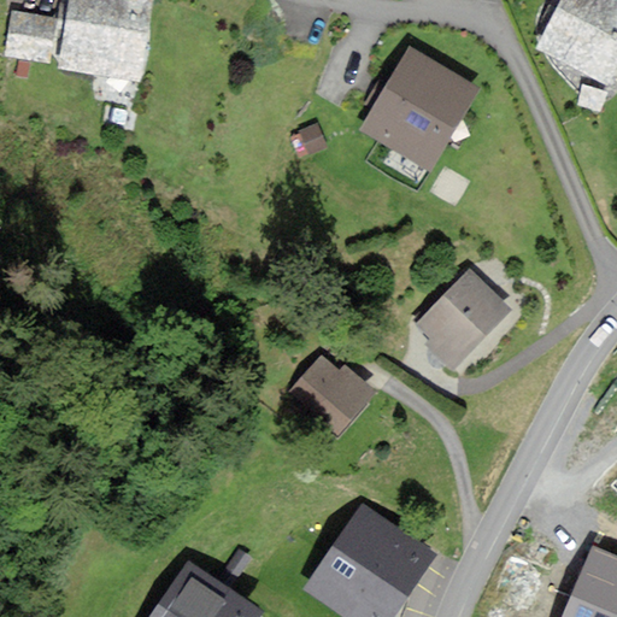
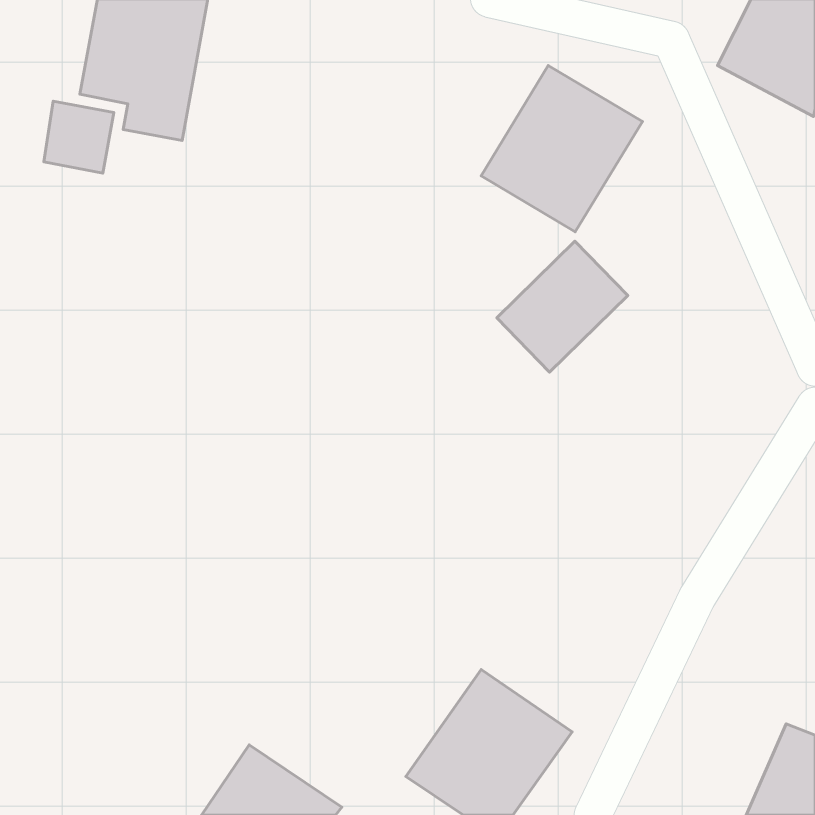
building: [6,12,59,66] -> [44,101,114,173]
building: [410,264,509,363] -> [497,241,628,372]
building: [293,358,370,428] -> none

